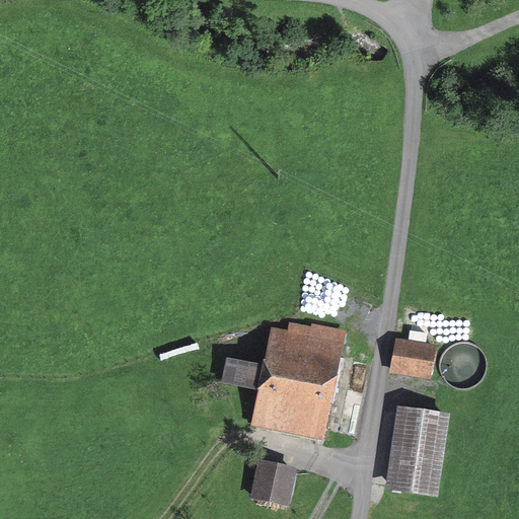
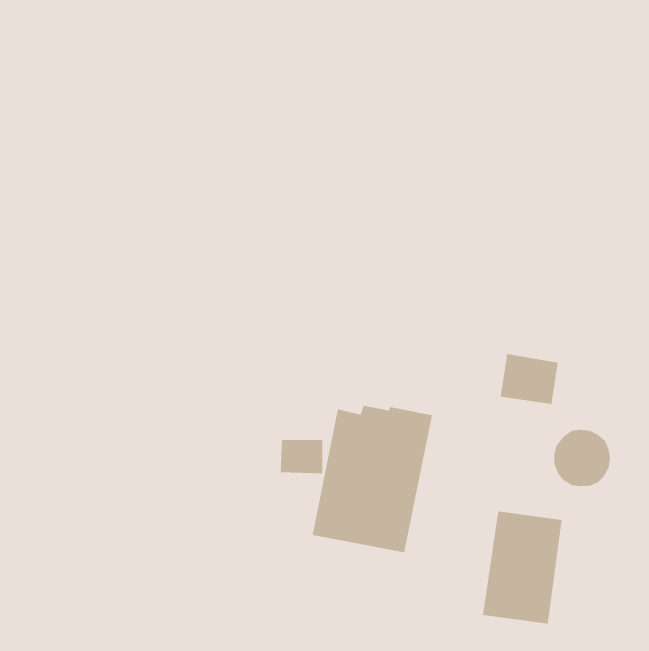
building: [389,338,436,378] -> [500,353,559,404]
building: [250,460,296,505] -> none

